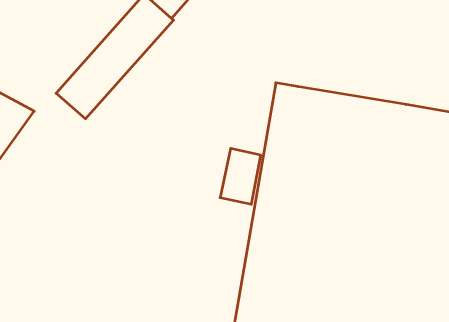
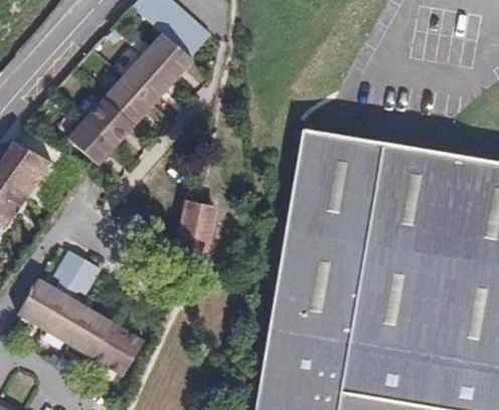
building: [220,148,261,204] -> [174,200,217,259]
building: none -> [18,251,145,378]

